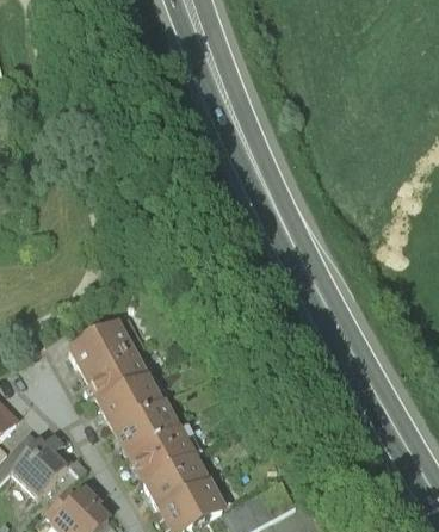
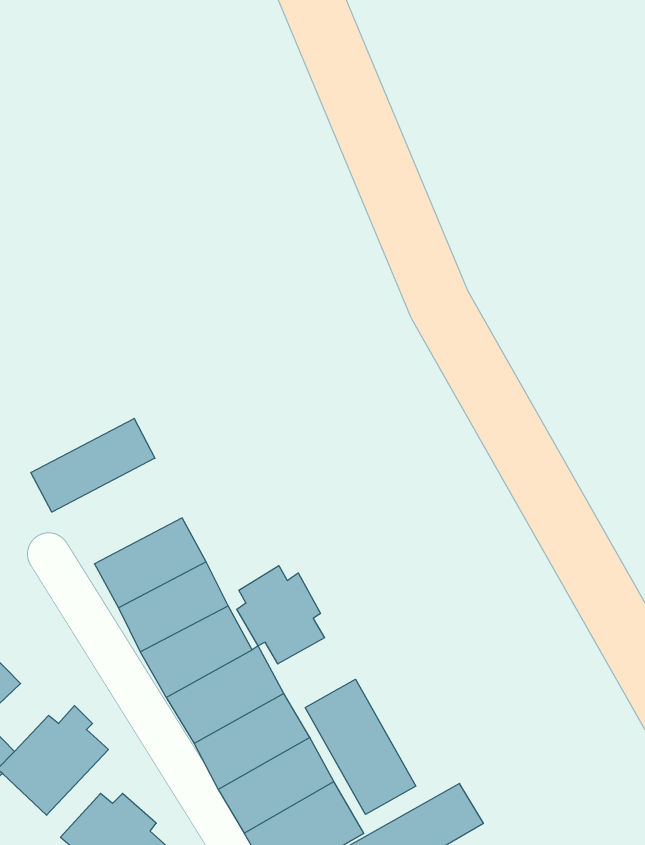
building: none -> [31,418,155,512]
building: none -> [237,566,325,664]
building: none -> [305,679,416,814]

